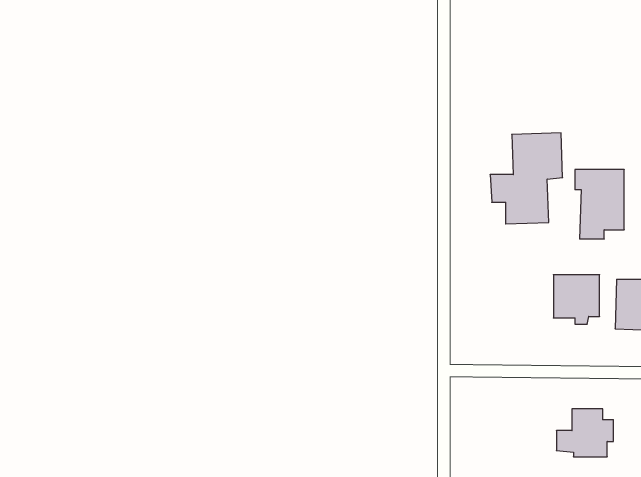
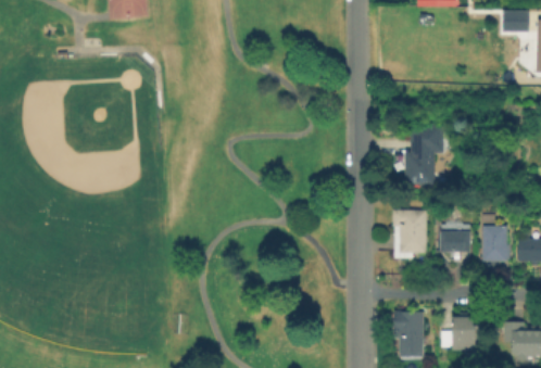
building: [575,170,624,239] -> [391,211,426,259]
building: none -> [394,312,424,358]

